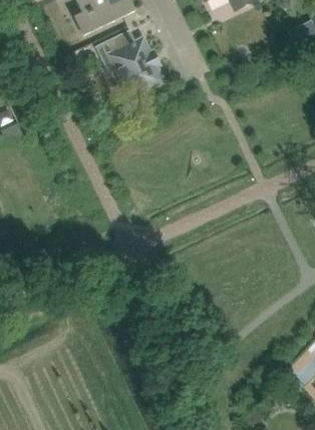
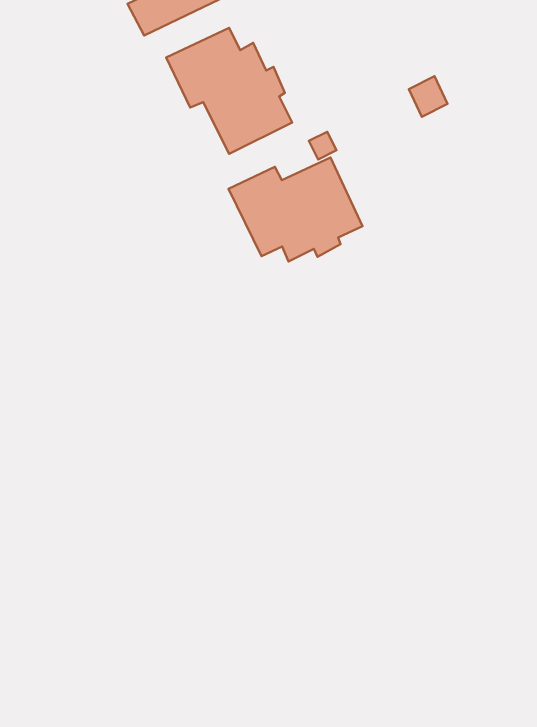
building: none -> [228,158,363,261]

